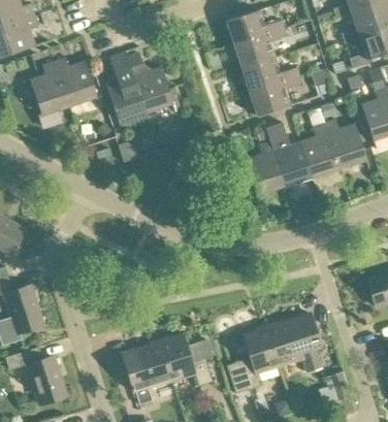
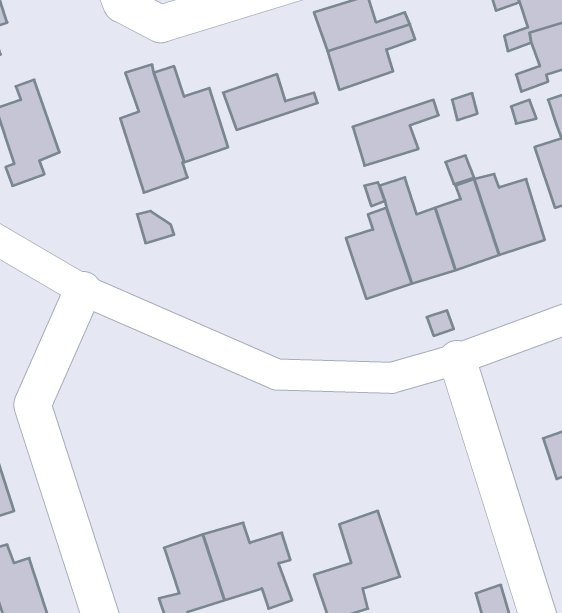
building: [242,57,300,91] -> [223,74,318,130]
building: [56,58,99,106] -> none
building: [266,312,322,372] -> none

